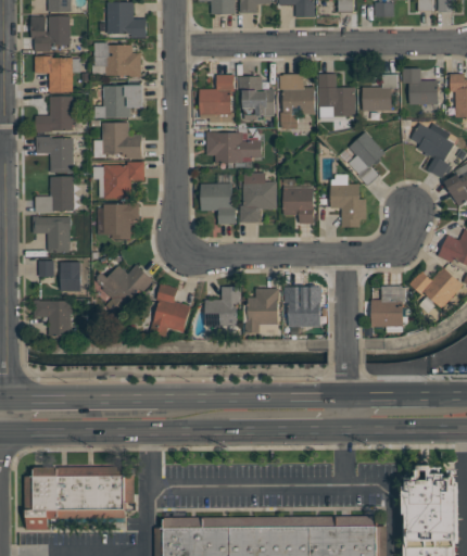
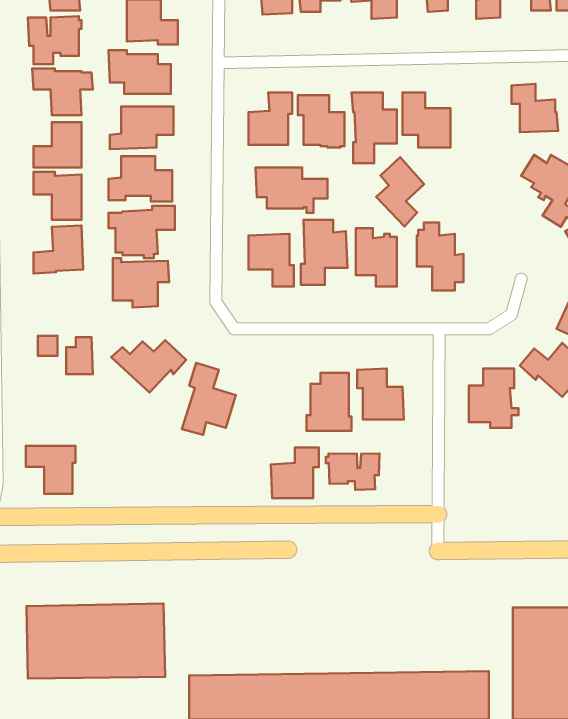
building: [362,74,397,110] -> none
building: [348,132,384,186] -> [376,157,424,227]
building: [33,216,72,251] -> none
building: [204,287,241,326] -> [271,447,319,498]
building: [35,300,73,337] -> [26,446,75,494]
building: none -> [326,453,380,490]

